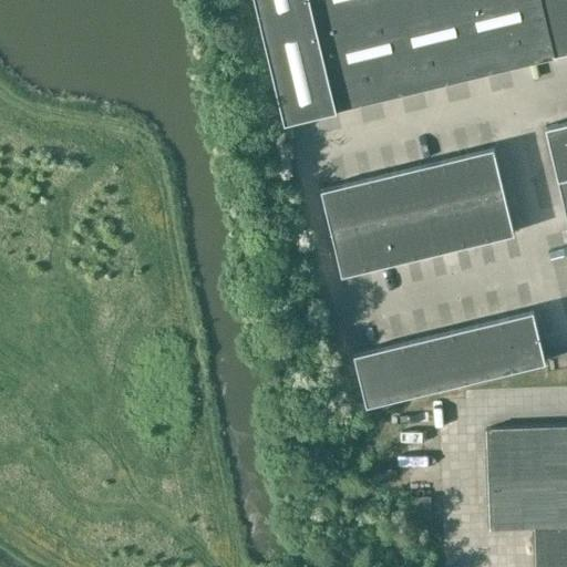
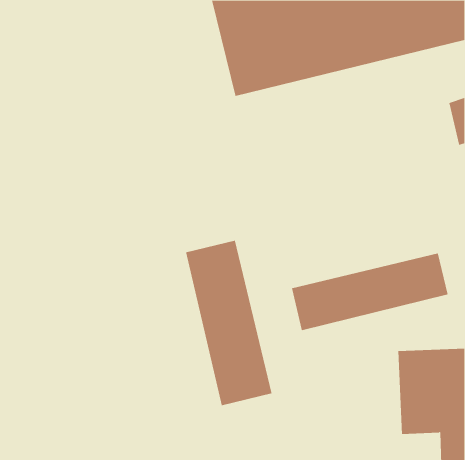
building: [321,151,515,278] -> none
building: none -> [185,240,272,406]

